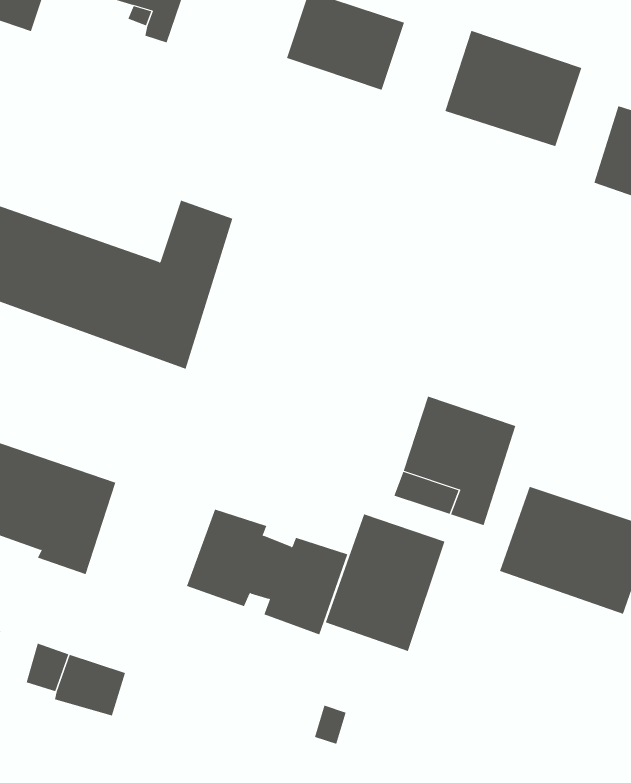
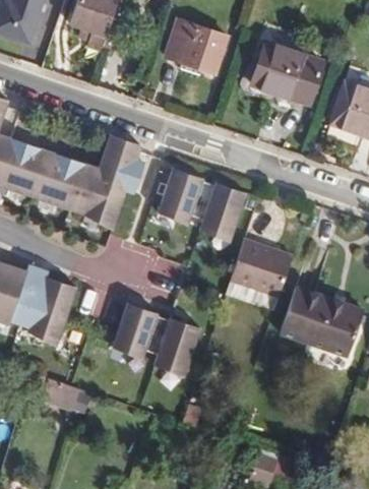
building: none -> [156,167,242,234]
building: [325,513,445,652] -> none

